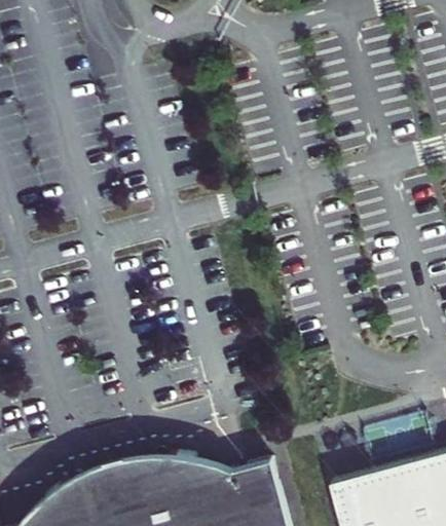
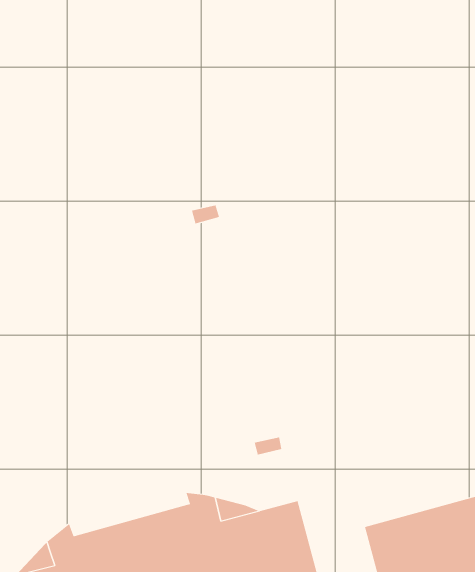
building: [67,453,175,492] -> none

